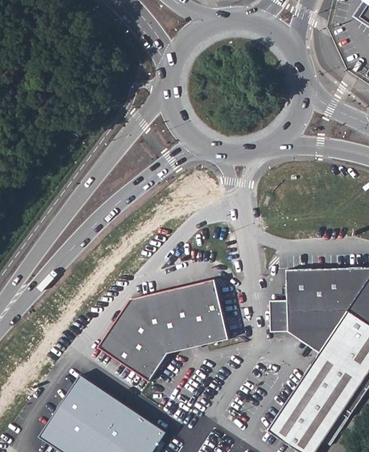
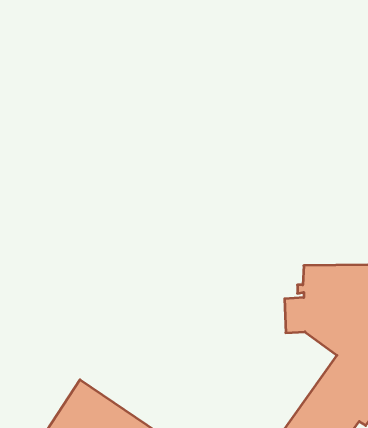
building: [101,280,231,380] -> none

